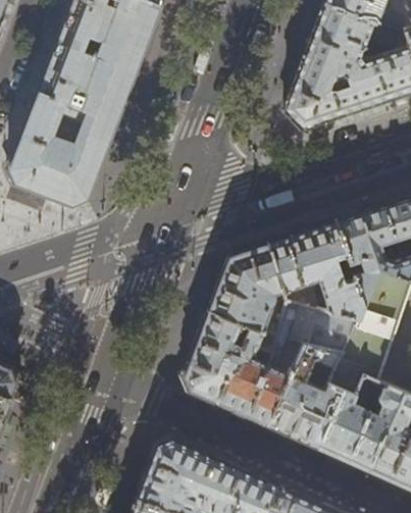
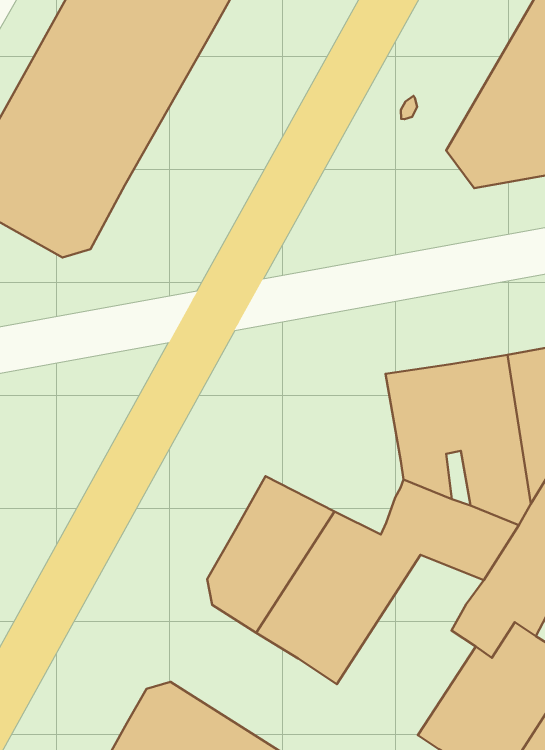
building: [208,245,285,338] -> none
building: [267,346,344,450] -> none

